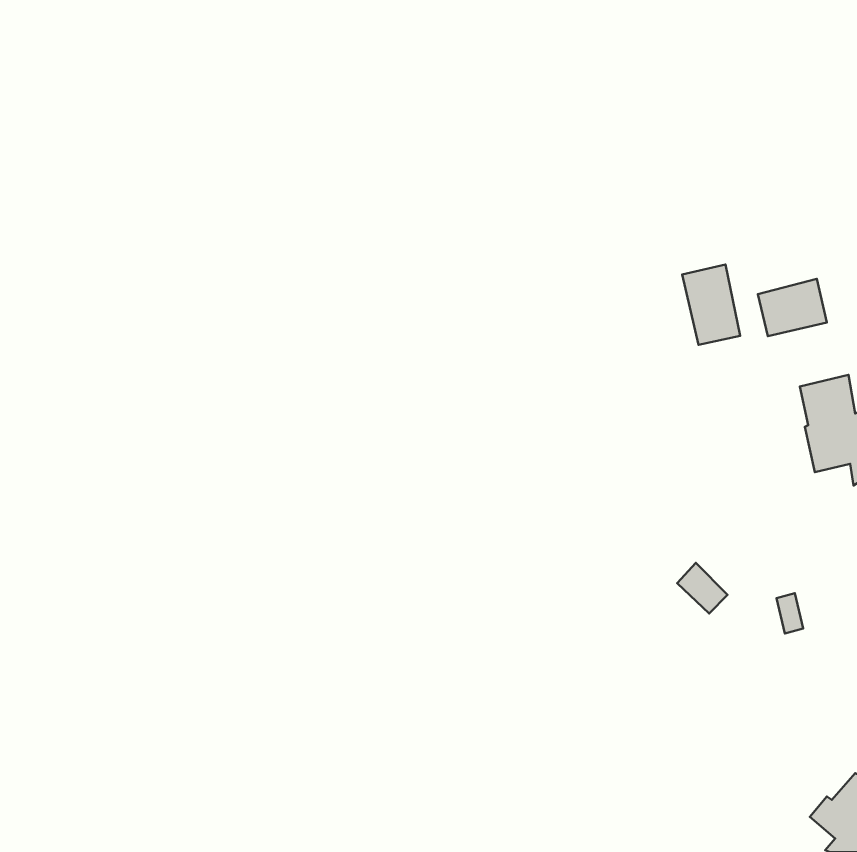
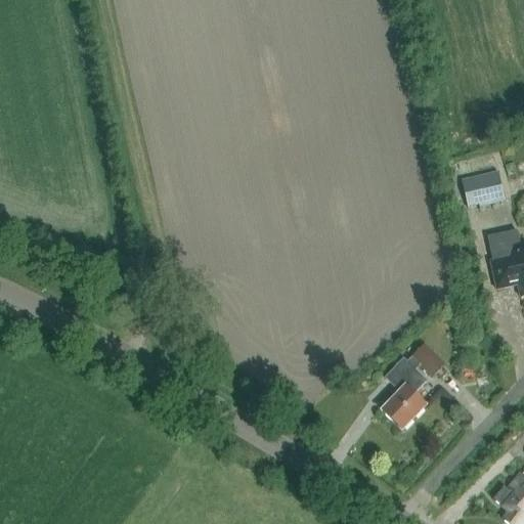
building: [682,265,740,345] -> none
building: none -> [383,356,428,428]

